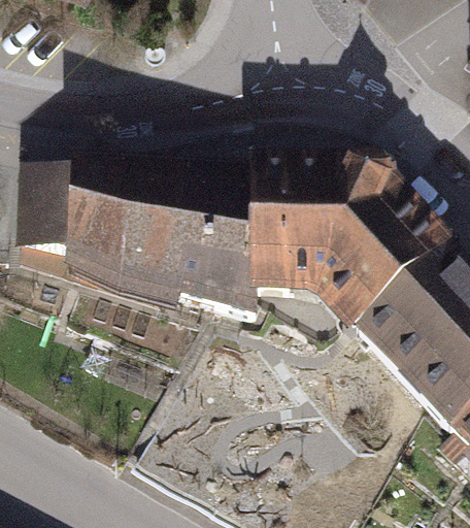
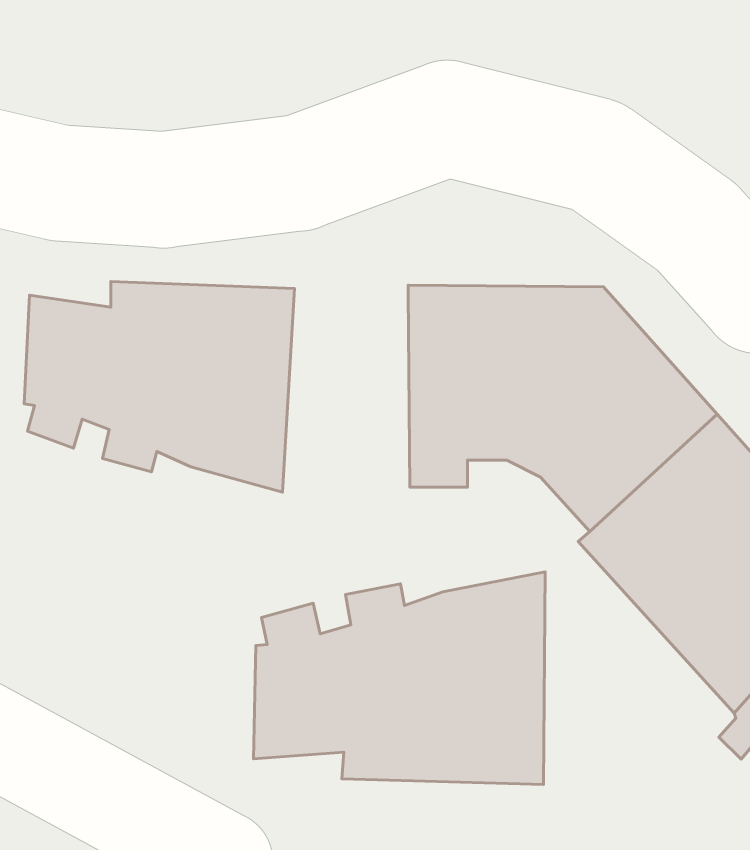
building: [180,179,258,324] -> none
building: none -> [254,572,545,785]

